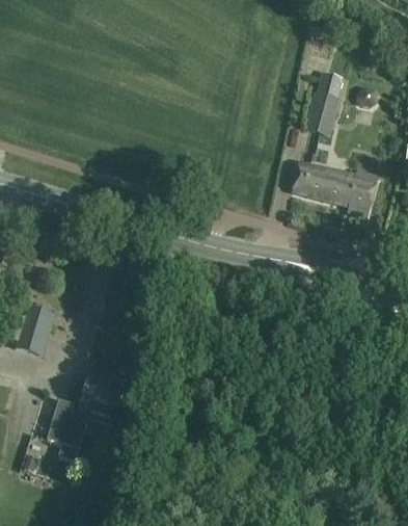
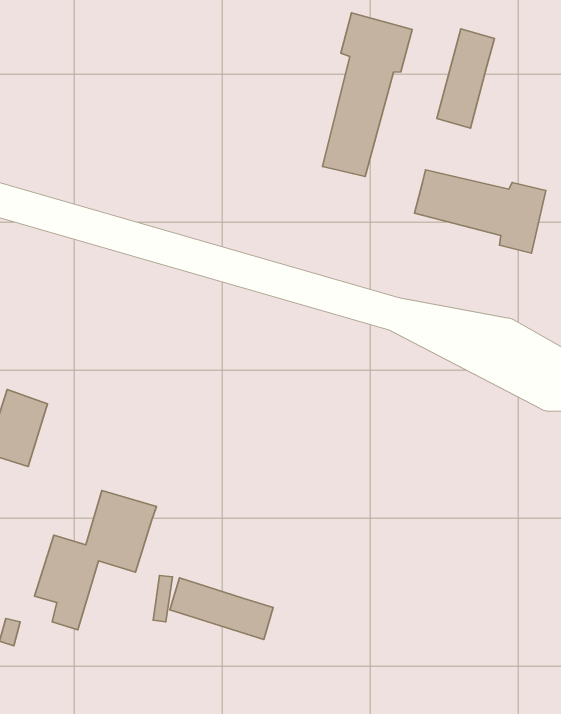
building: none -> [322,13,412,177]
building: none -> [170,578,273,640]

